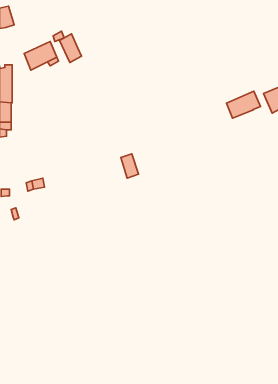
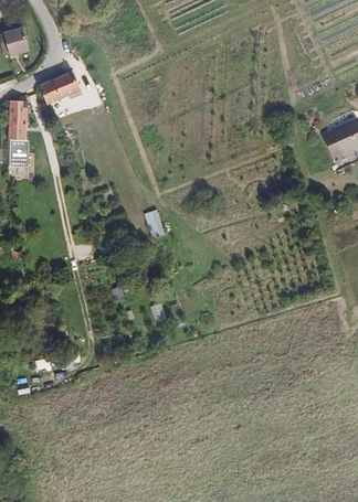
building: [60,34,81,62] -> none
building: [226,91,261,118] -> none

